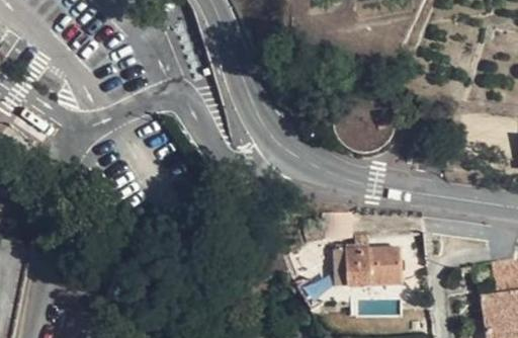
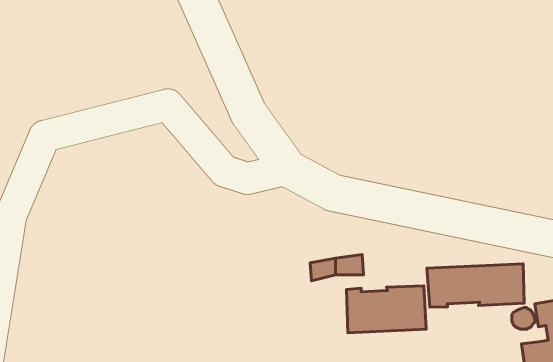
building: none -> [427,264,524,307]

